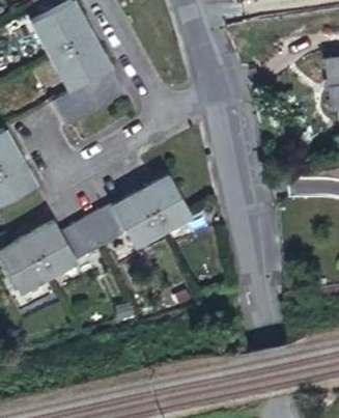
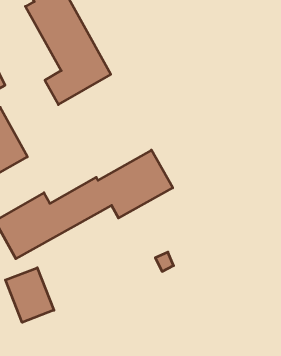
building: none -> [5,268,54,322]

